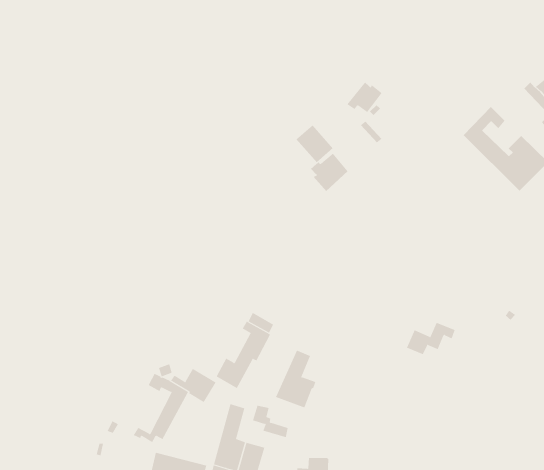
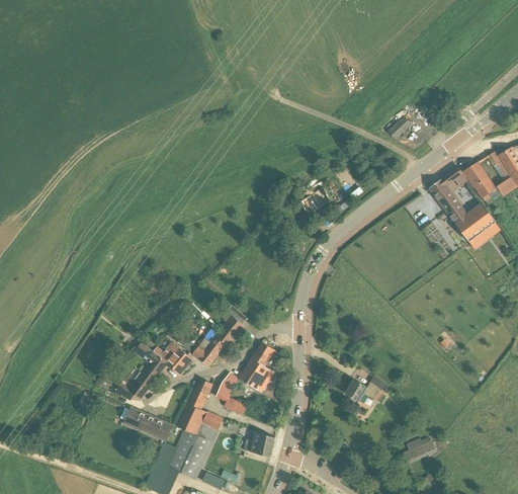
building: [347,82,383,113] -> [380,113,412,140]
building: none -> [464,163,496,197]
building: [296,124,334,163] -> none
building: [406,322,456,355] -> [346,377,390,402]
building: none -> [407,439,436,461]

